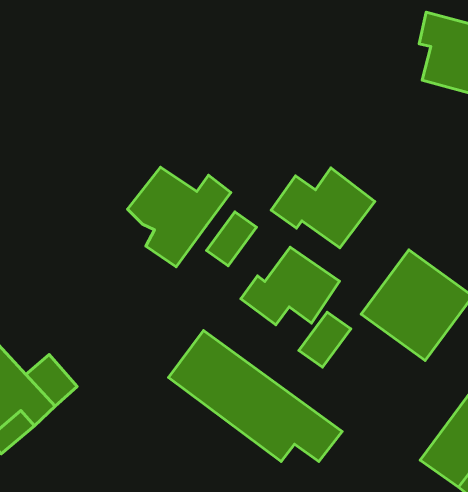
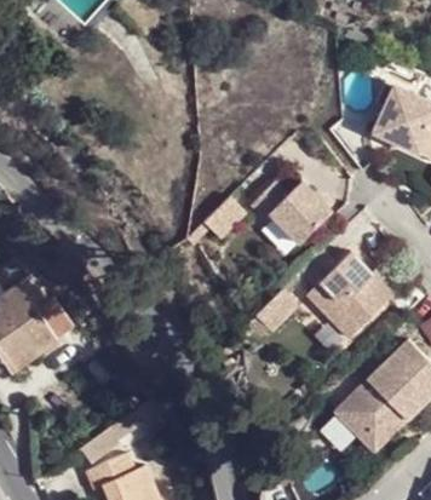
building: [127,167,231,267] -> none
building: [241,247,340,325] -> none
building: [169,330,342,461] -> none

